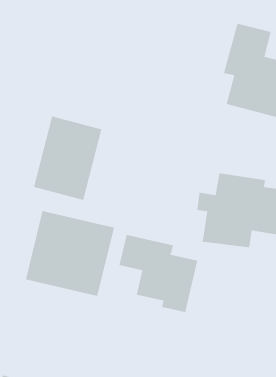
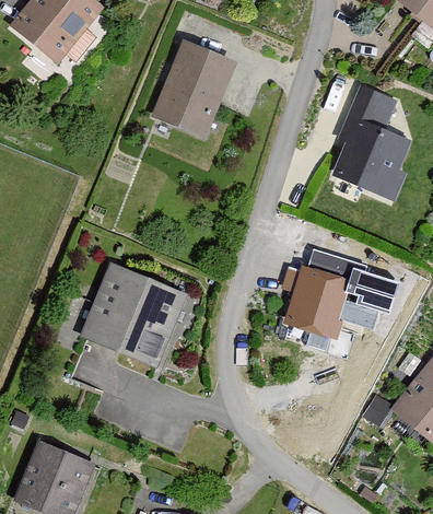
building: [33,116,102,201] -> [150,38,236,138]
building: [119,234,198,313] -> none

